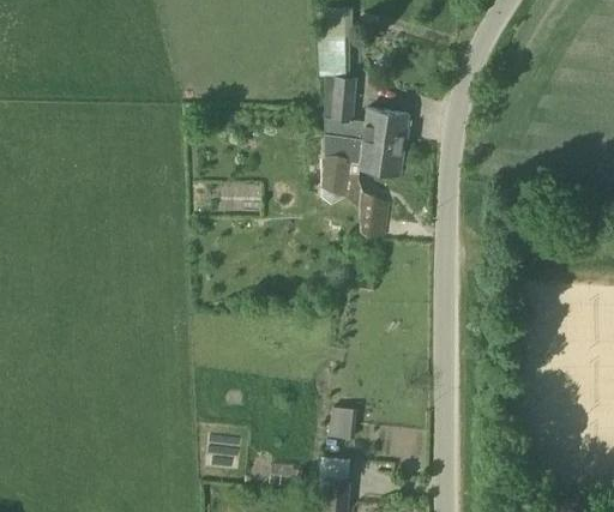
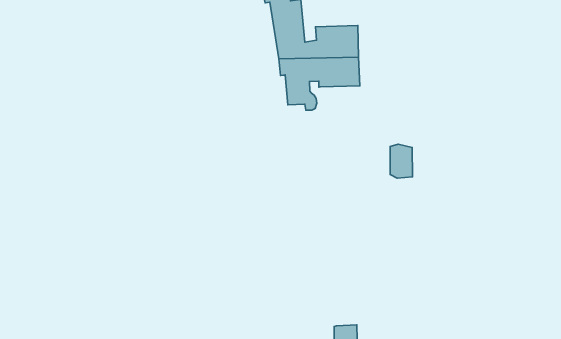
building: [362,200,389,235] -> [390,144,413,178]

